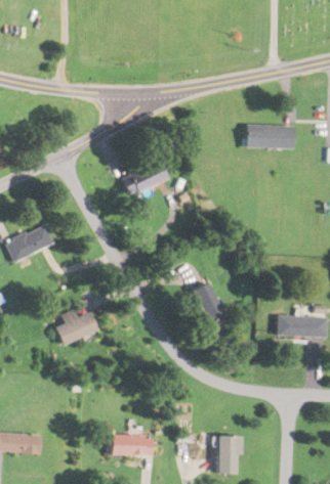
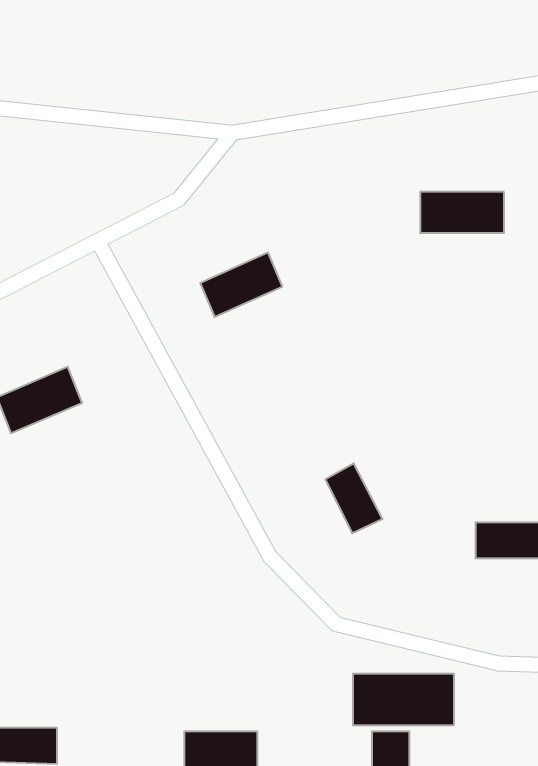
building: [53,309,96,344] -> none
building: none -> [353,674,454,725]

